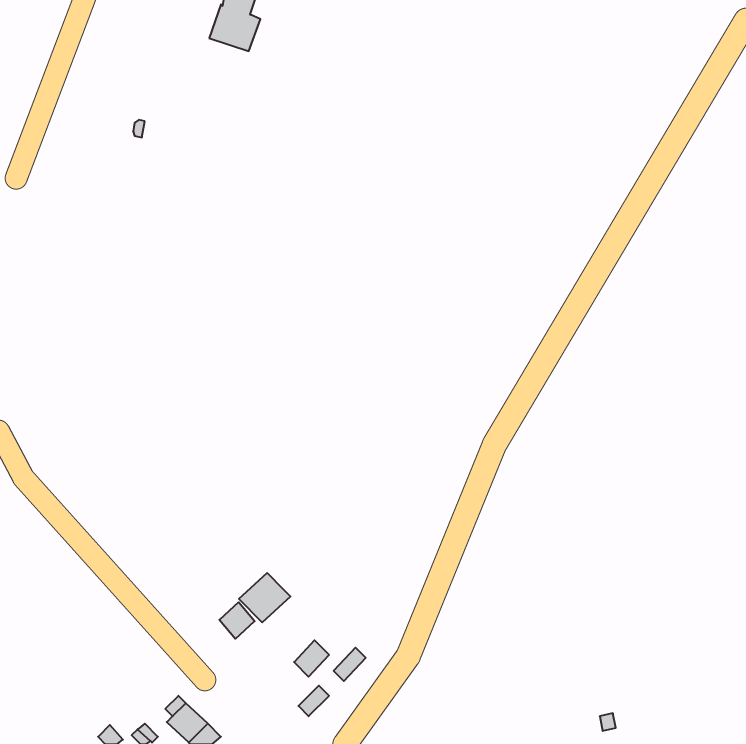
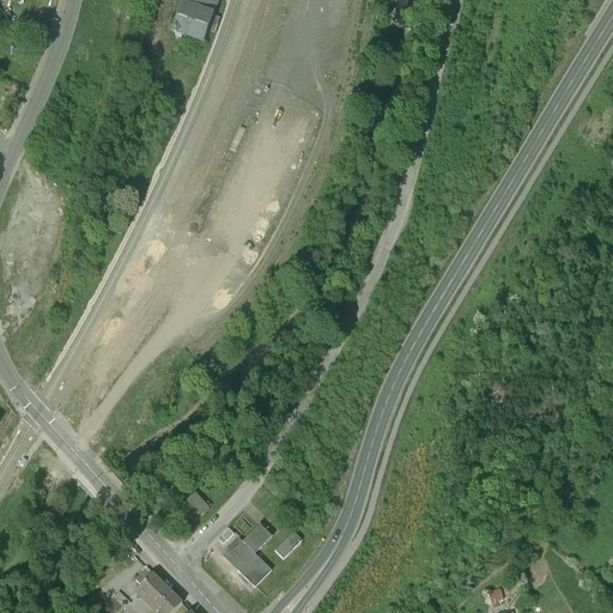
building: [239,573,290,622] -> none
building: none -> [221,539,261,578]

